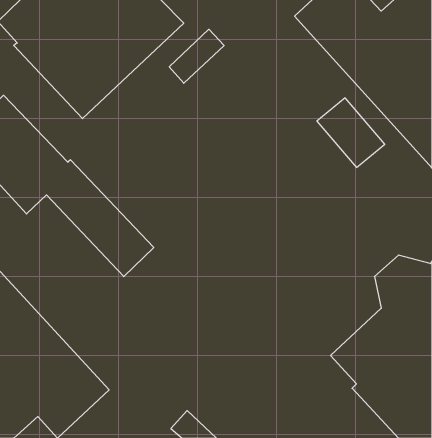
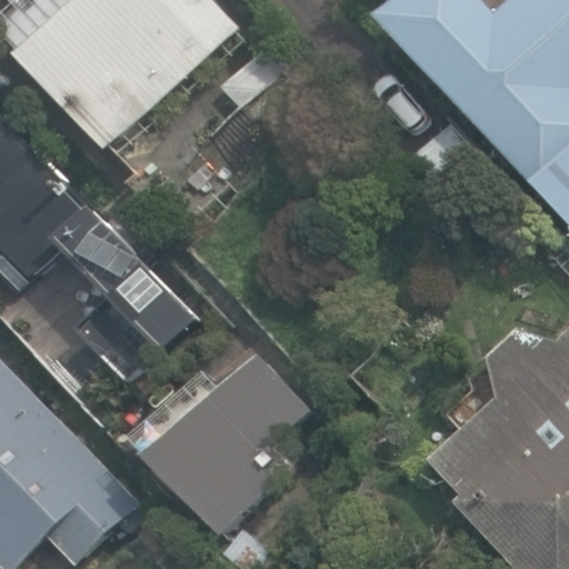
building: none -> [132,353,310,535]

